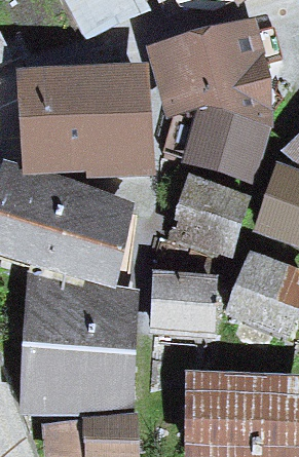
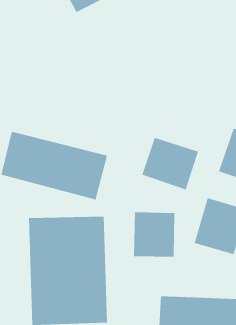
building: [158,28,265,113] -> none
building: [30,85,144,165] -> none
building: [195,115,269,186] -> none

